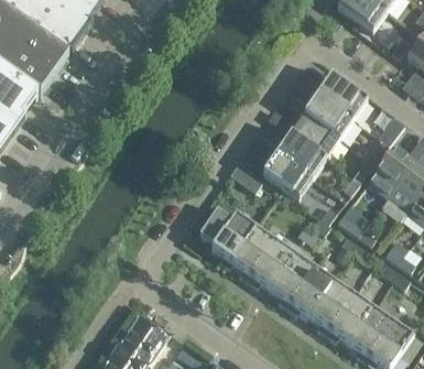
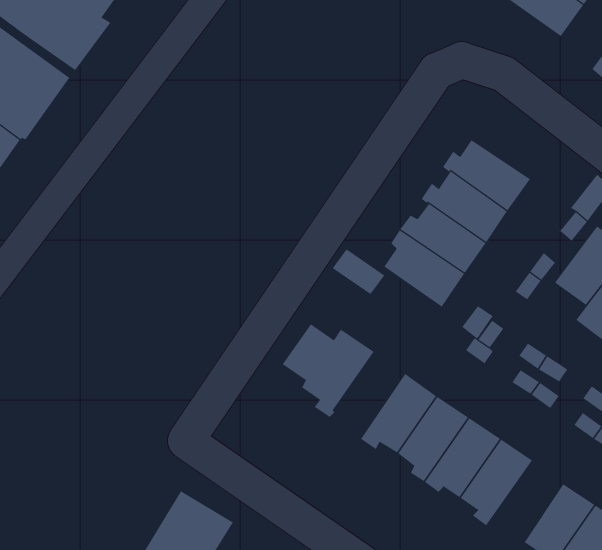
building: [312,74,367,119] -> none
building: [230,226,274,280] -> none
building: [325,293,372,344] -> none

